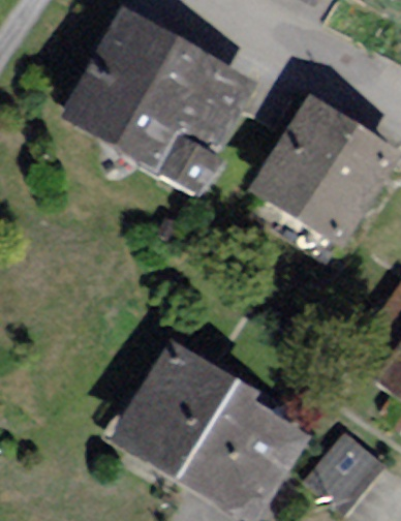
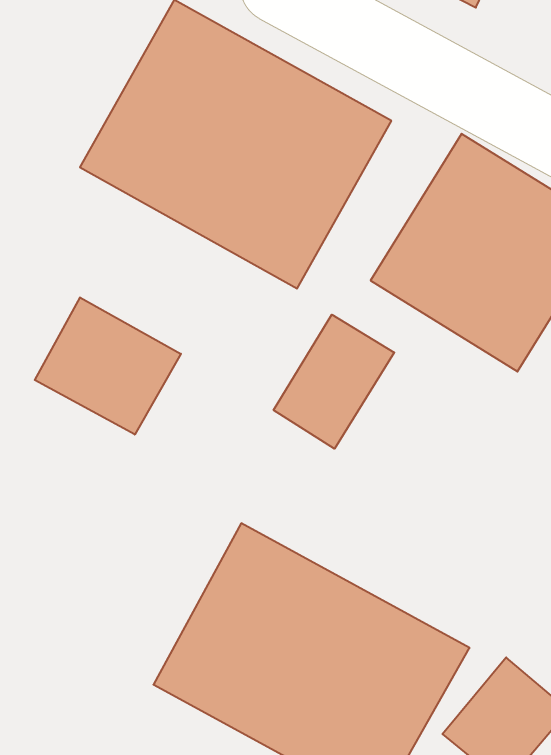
building: none -> [35,297,181,435]
building: none -> [274,315,394,449]

